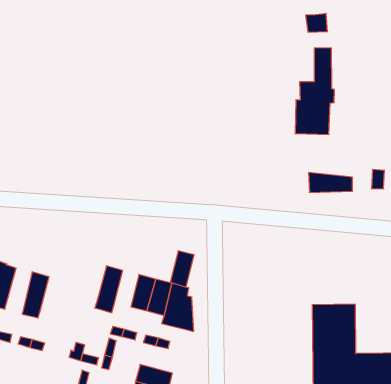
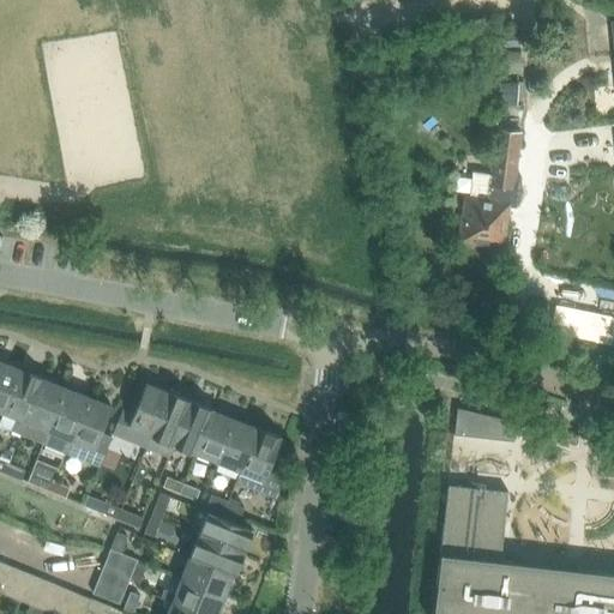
building: [309,173,352,192] -> [455,409,517,443]
building: [170,251,194,287] -> [175,403,213,455]
building: none -> [113,384,170,450]
building: none -> [22,380,66,445]
building: none -> [66,398,112,468]
building: none -> [199,513,252,554]

